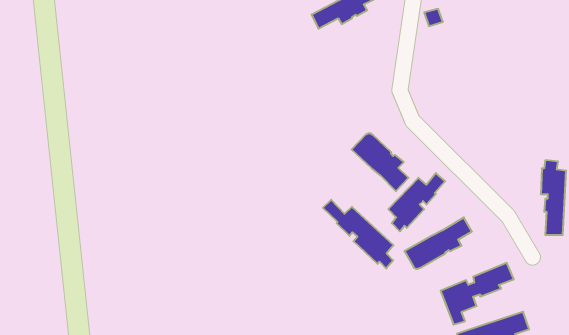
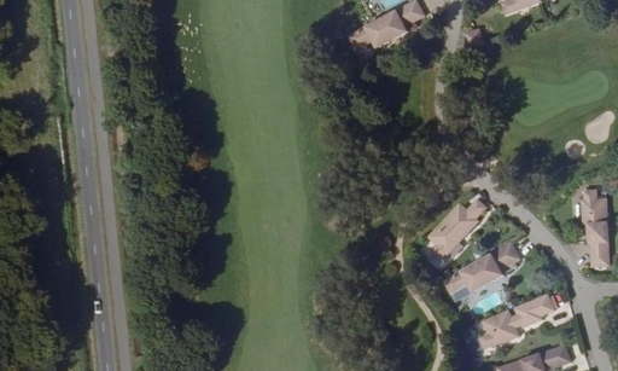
building: [352,133,409,191] -> none
building: [323,200,394,269] -> none

